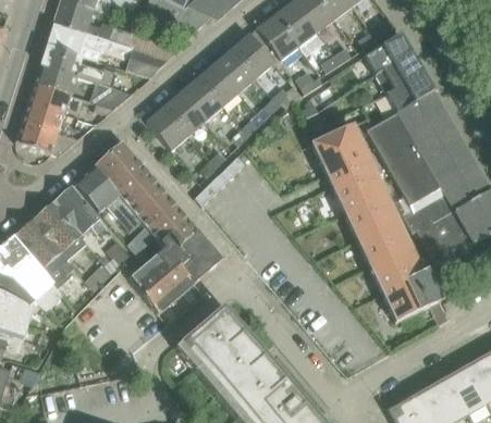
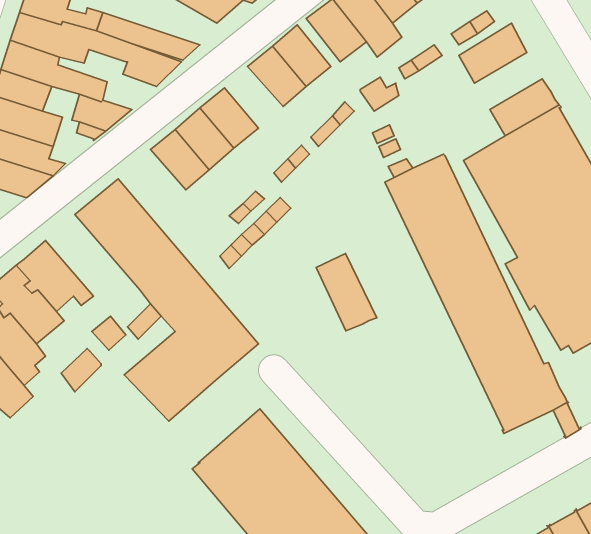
building: [376,52,424,92] -> none
building: [199,62,241,105] -> none
building: [76,166,139,229] -> none
building: none -> [316,253,377,331]

